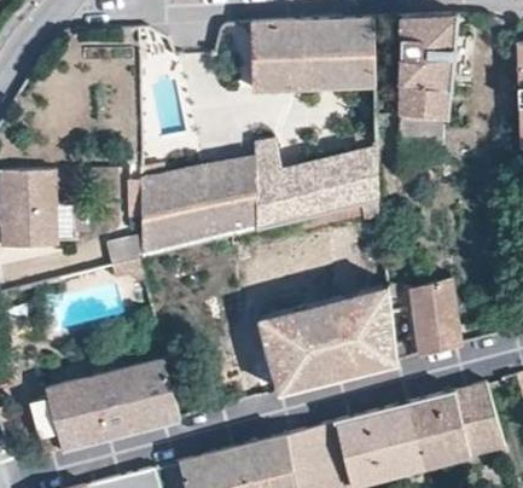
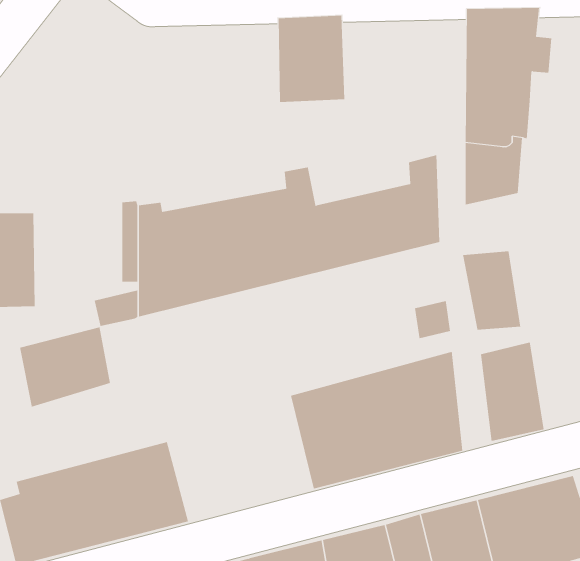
building: [302,18,376,87] -> none
building: none -> [463,250,521,330]
building: none -> [20,327,111,407]

